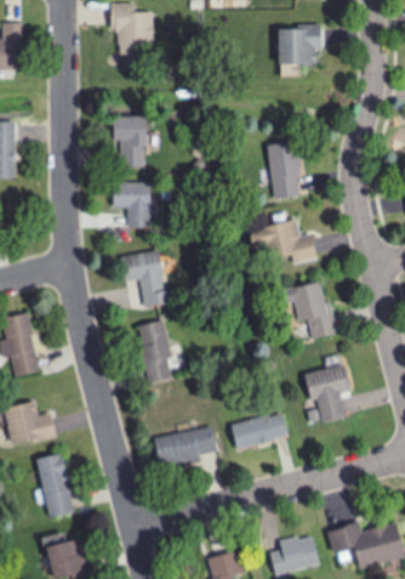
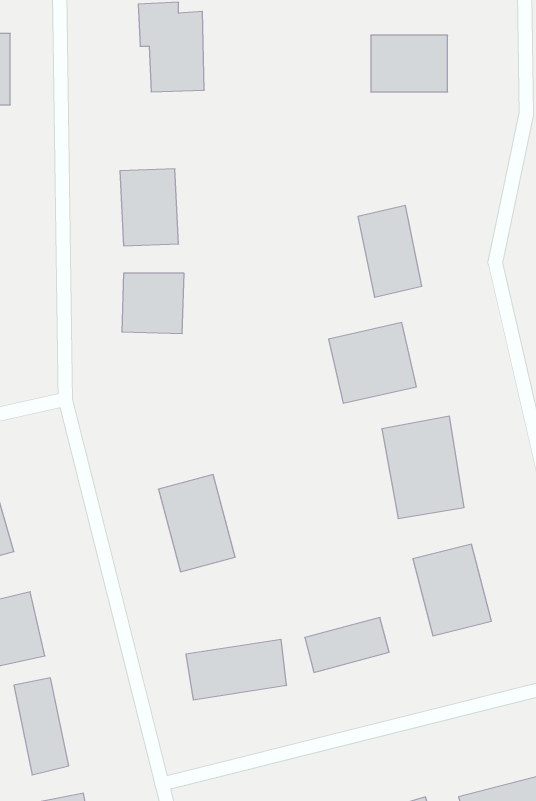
building: [119,252,170,306] -> none

